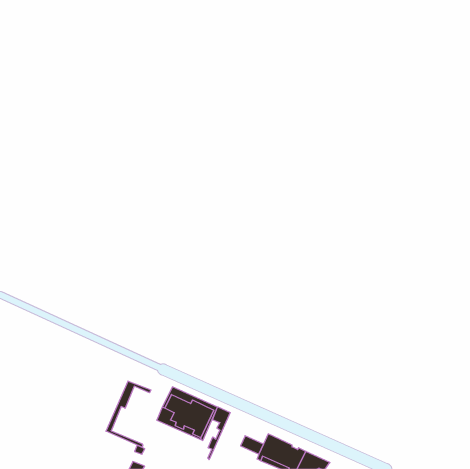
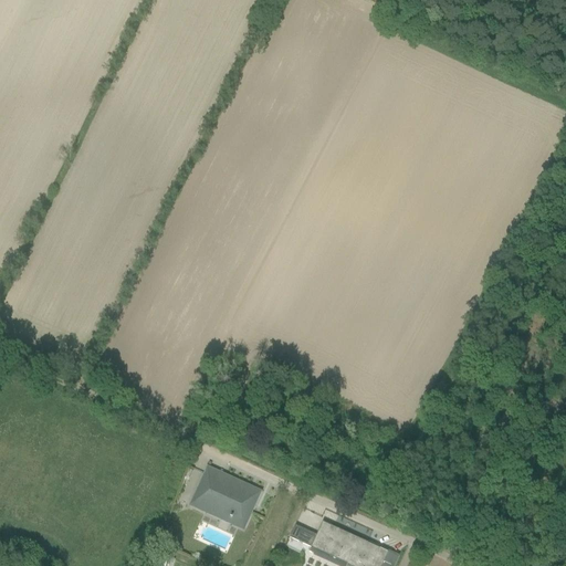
building: [106,381,151,447] -> none
building: [208,407,230,460] -> none

